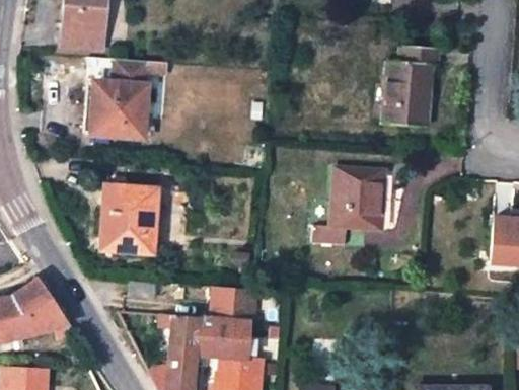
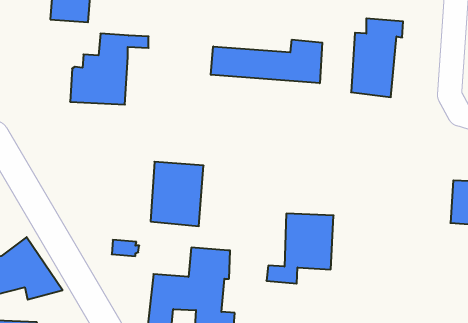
building: none -> [211,40,322,83]
building: [312,168,384,243] -> [266,214,334,284]
building: [100,185,157,254] -> [151,162,204,226]

